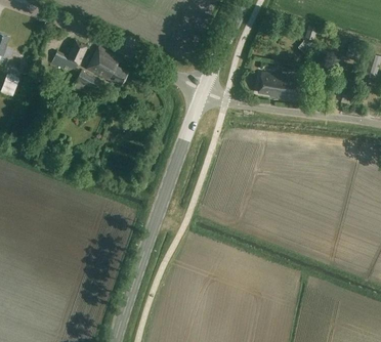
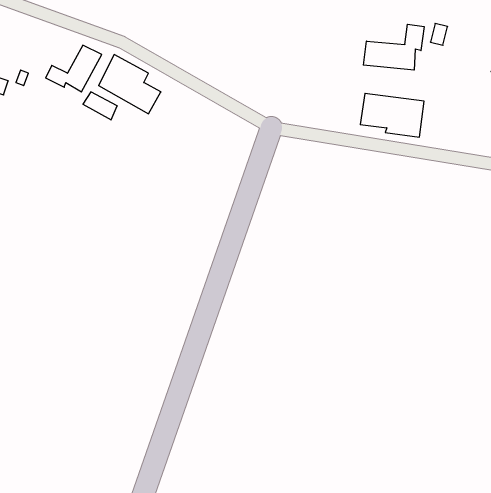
building: none -> [363,24,424,70]

